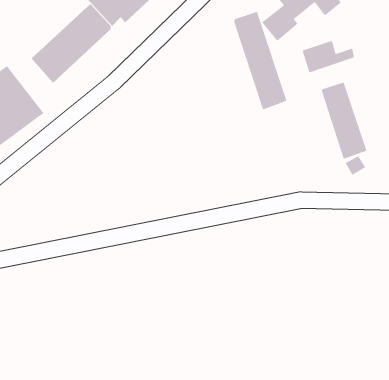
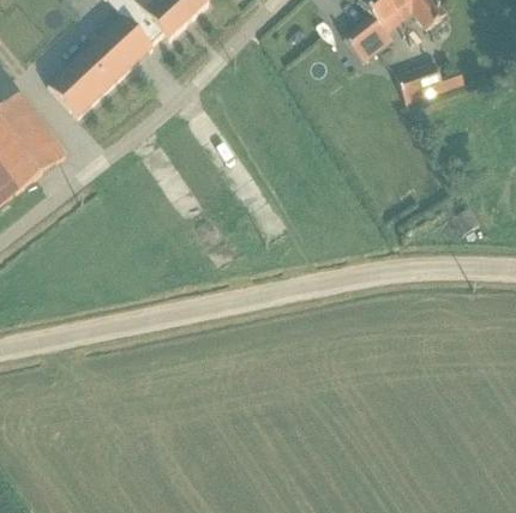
building: [233,11,288,110] -> none
building: [321,81,367,160] -> none

